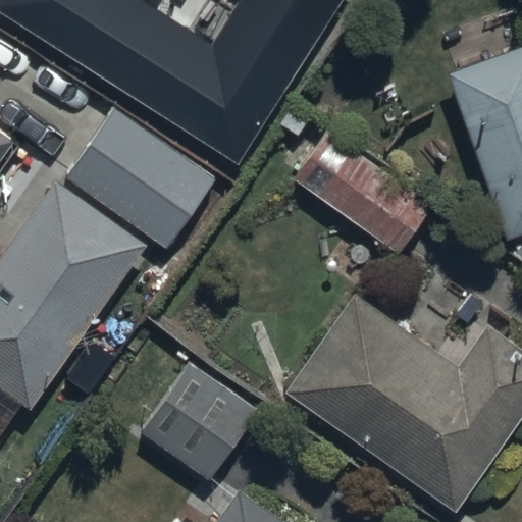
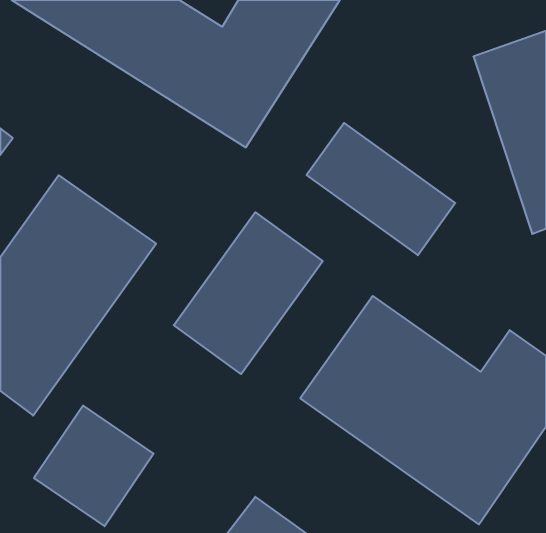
building: [67,111,217,251] -> none
building: none -> [174,212,323,374]
building: [144,365,258,480] -> [34,406,154,526]

